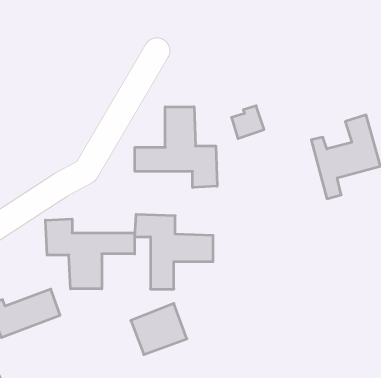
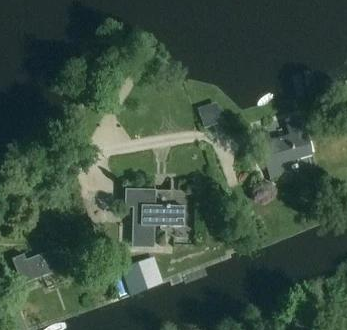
building: [135,107,217,188] -> none
building: [45,219,135,289] -> none

